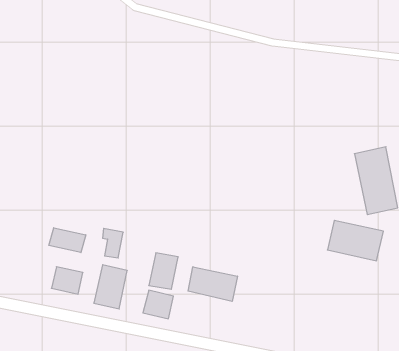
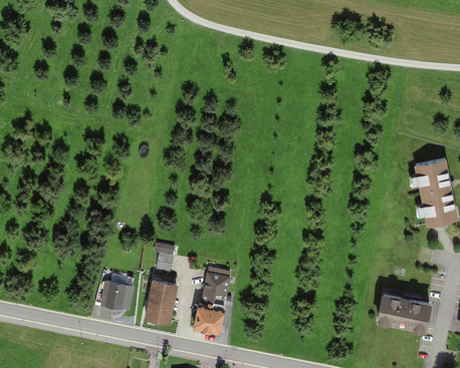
building: [327,220,383,261] -> [377,293,434,334]
building: [49,228,86,253] -> none
building: [188,267,237,301] -> none

